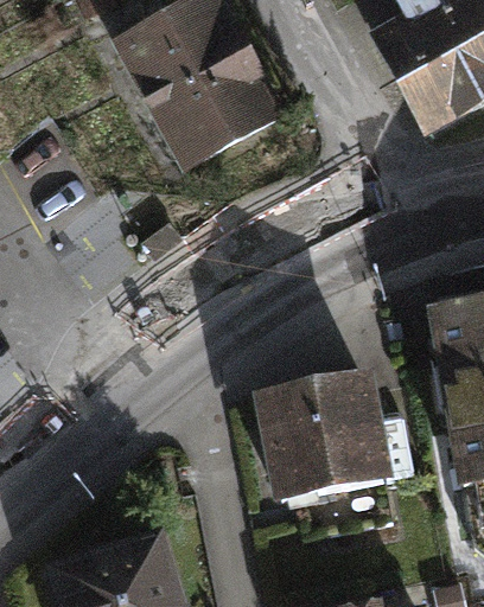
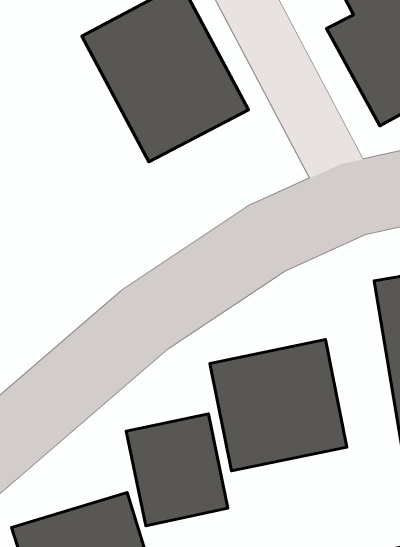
building: none -> [126,414,228,526]

